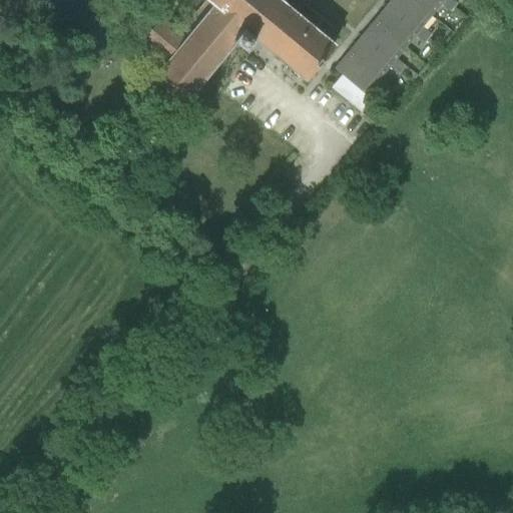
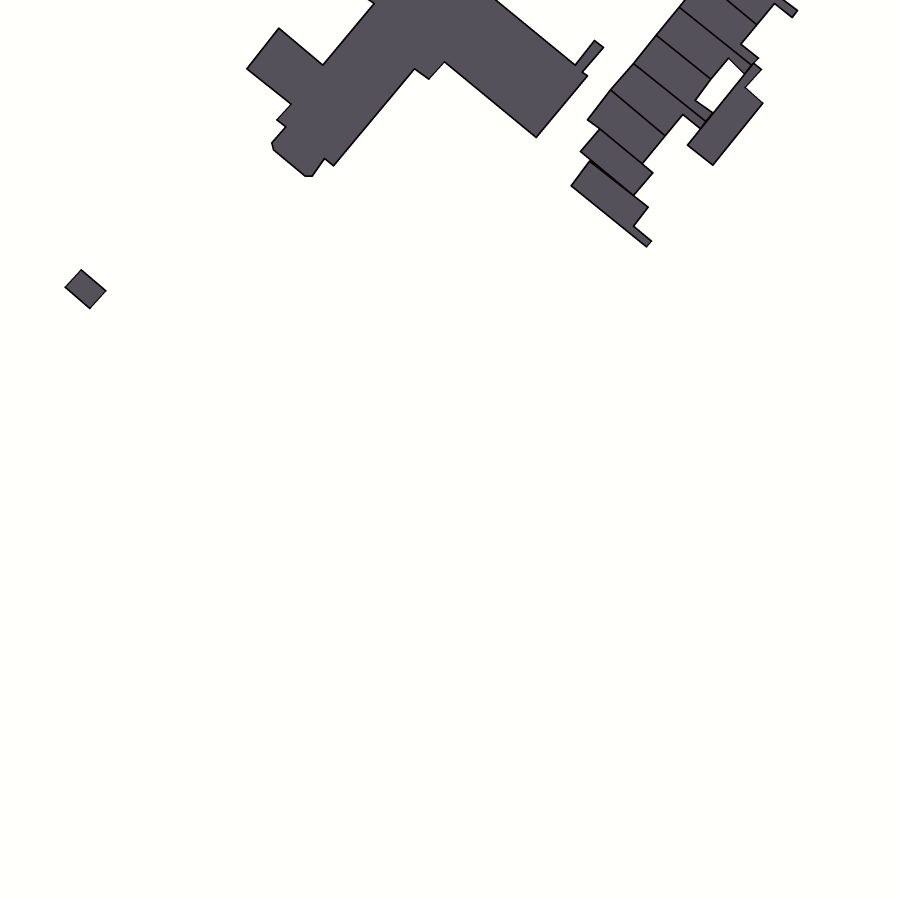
building: none -> [688,63,763,165]
building: none -> [571,161,652,247]

